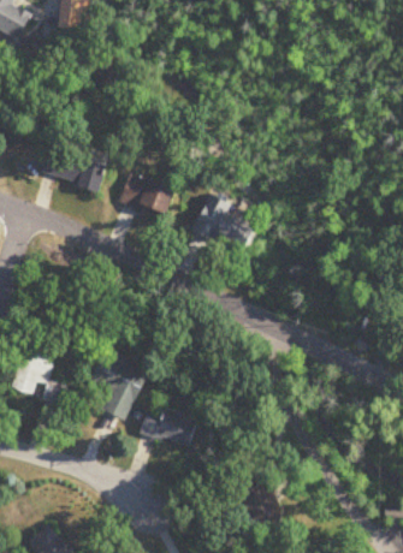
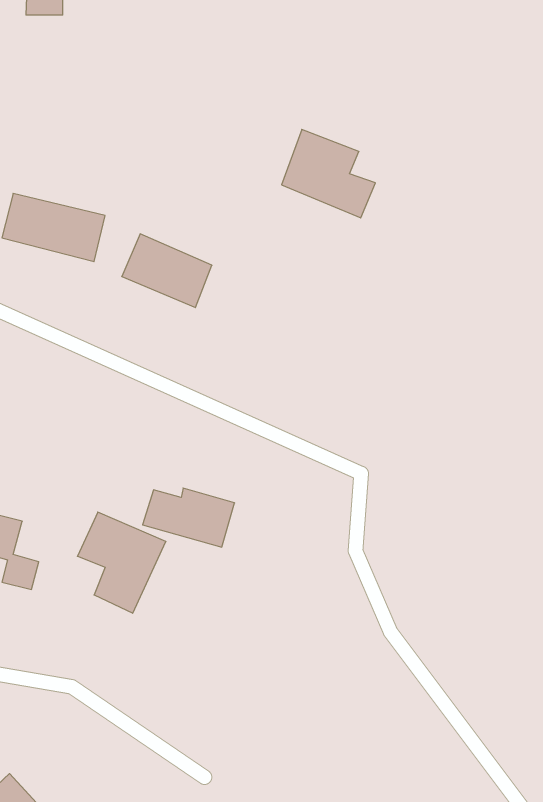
building: [194,195,255,252] -> [282,129,375,218]
building: [138,410,198,448] -> [143,488,235,547]

